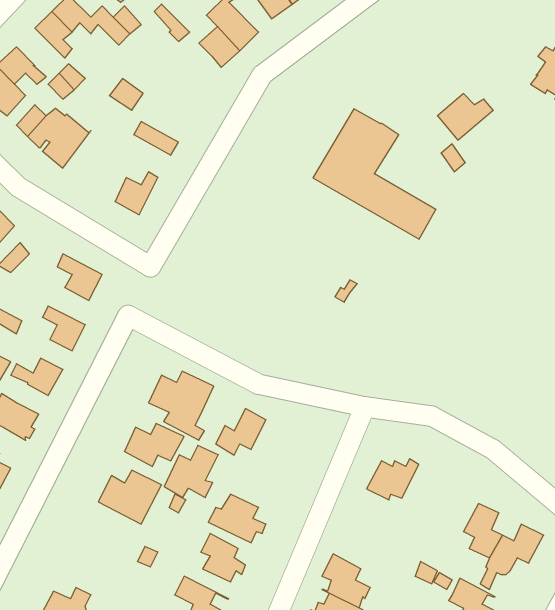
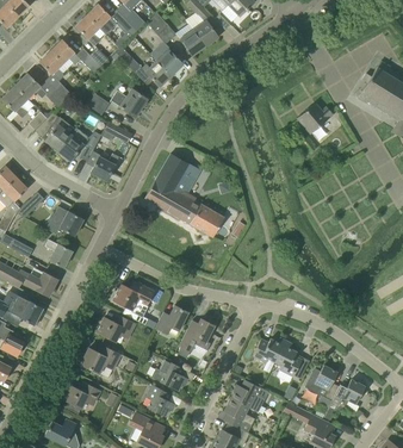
building: none -> [111,89,148,118]
building: [313,109,436,239] -> [145,154,224,237]
building: none -> [58,127,101,161]
building: [164,445,218,498] -> [180,319,215,353]
building: none -> [275,341,303,377]
building: none -> [231,381,269,412]
building: none -> [63,384,101,415]

